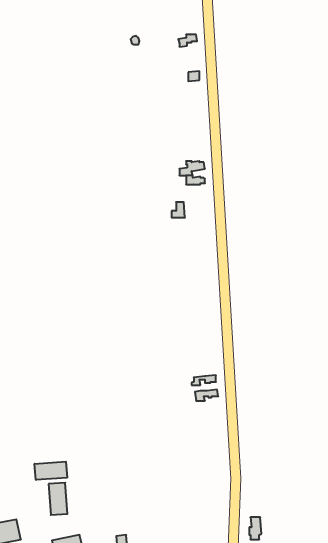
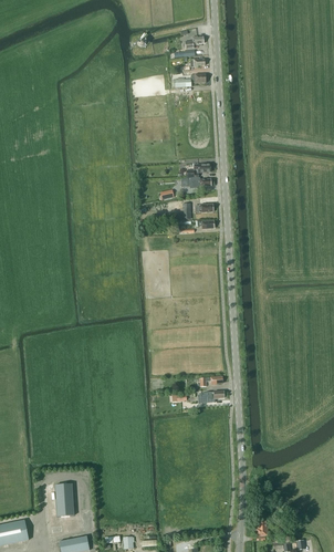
building: [35,462,67,480] -> none

